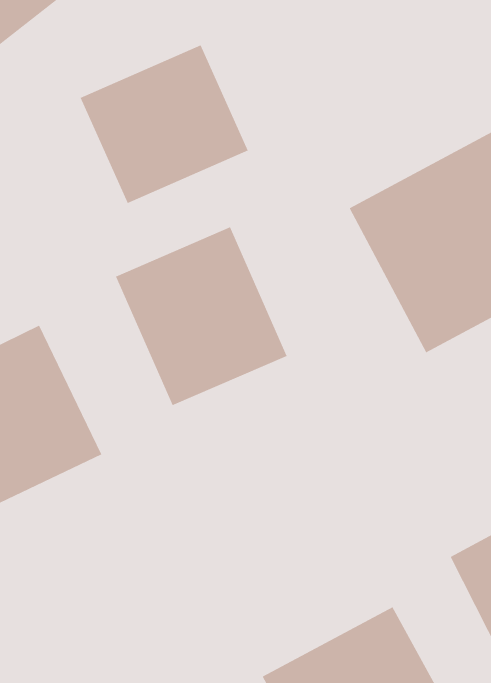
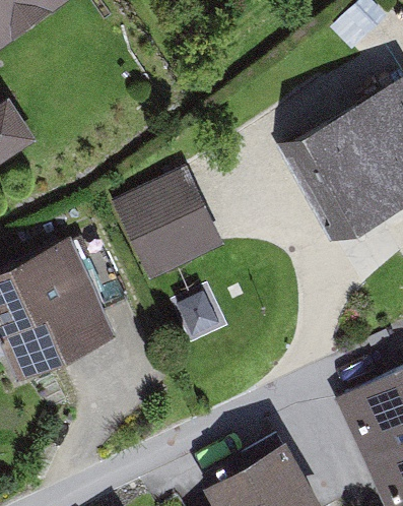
building: [80,44,248,204] -> none

